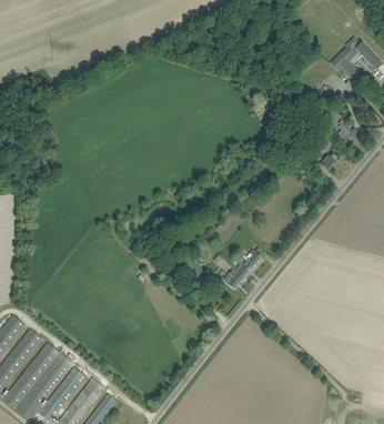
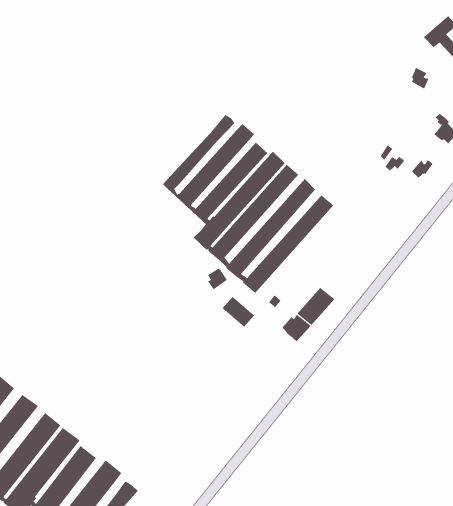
building: none -> [162,114,334,294]

